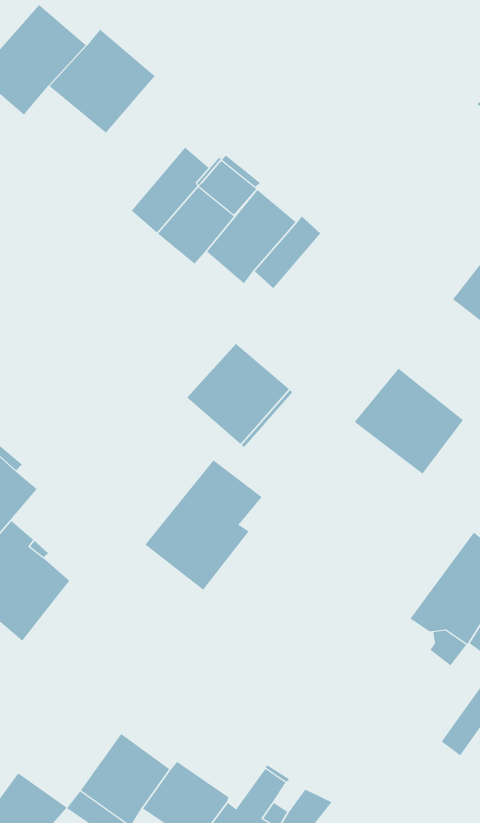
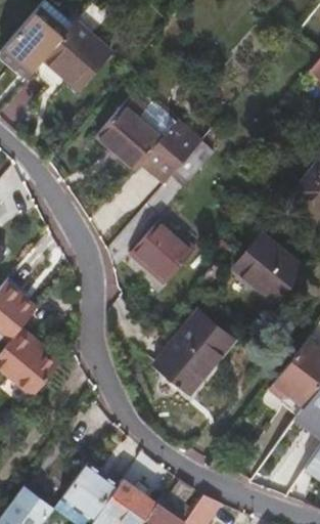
building: [144,459,262,591] -> [155,311,229,393]

